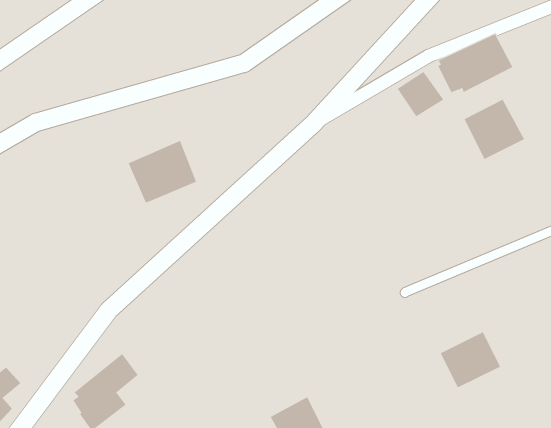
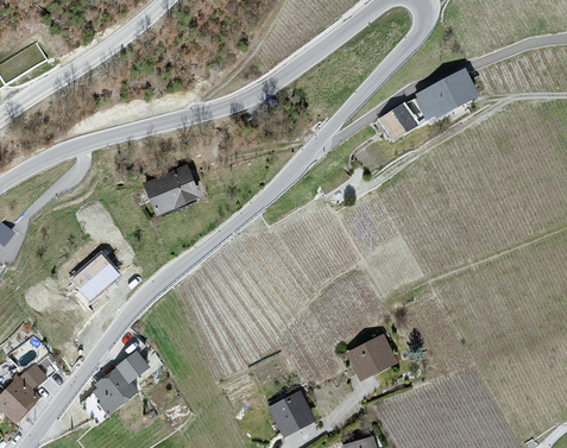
building: [464,99,525,160] -> none
building: none -> [69,251,118,297]
building: [440,332,501,388] -> [345,333,398,383]

